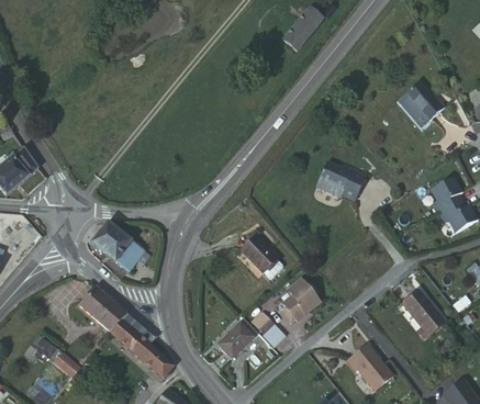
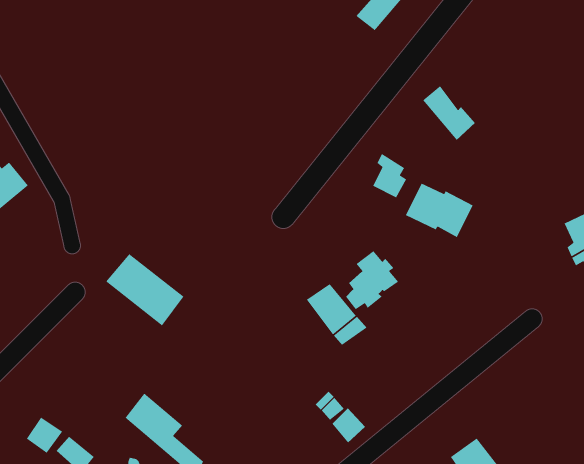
building: [402,81,442,122] -> [422,85,476,141]
building: none -> [372,153,407,198]
building: [280,279,320,323] -> [345,250,399,310]
building: [79,289,124,333] -> none
building: [405,291,439,327] -> none
building: [216,324,250,359] -> none

